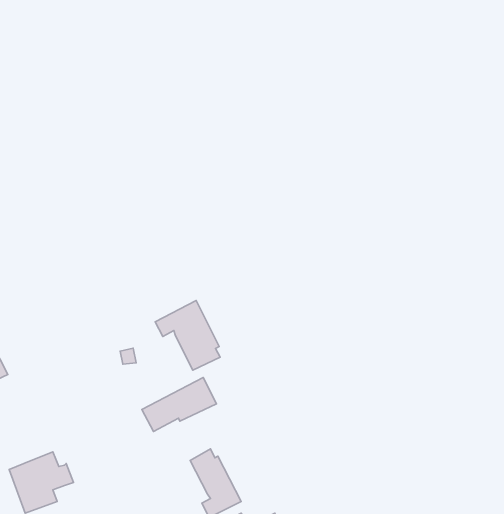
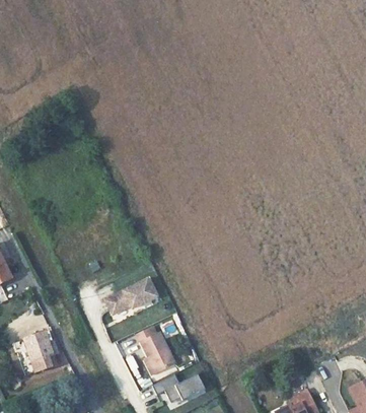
building: [155,300,220,370] -> none

